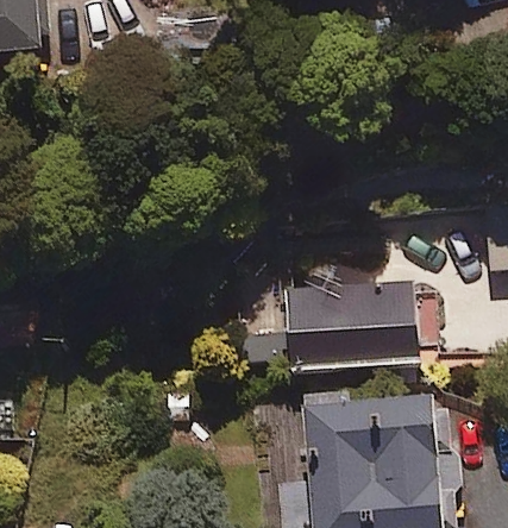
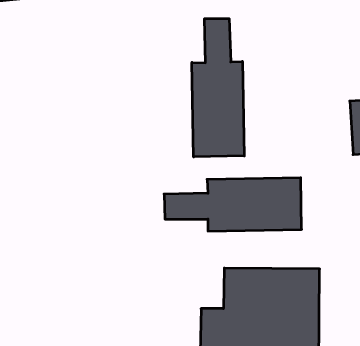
building: none -> [192,19,244,157]

